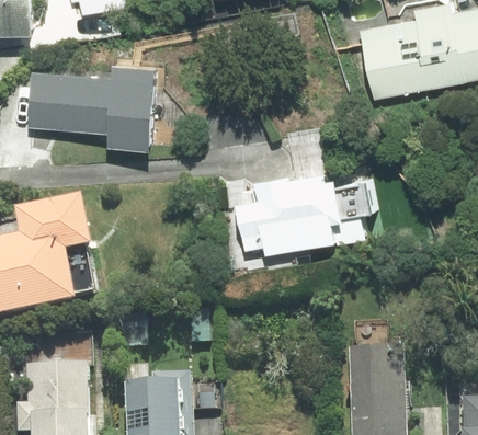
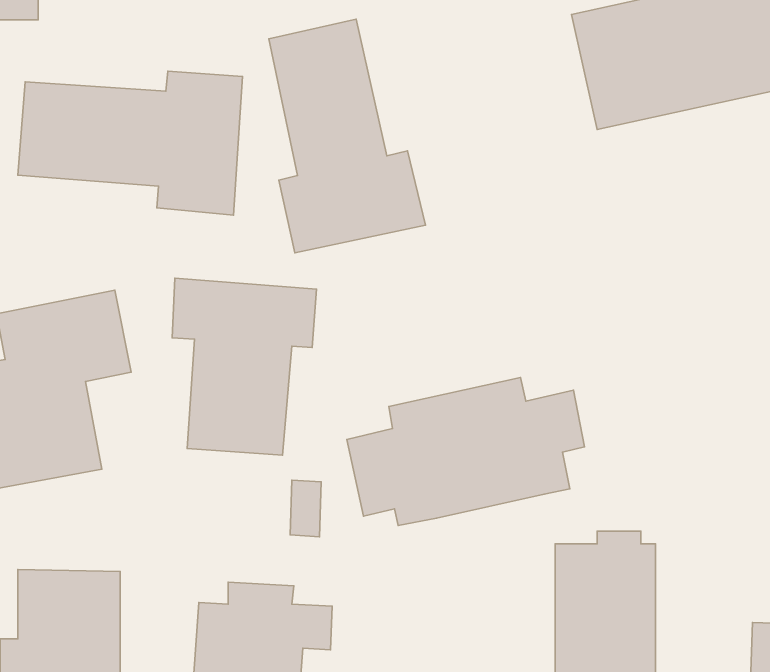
building: none -> [269,19,425,253]
building: [232,167,375,255] -> [347,377,584,525]
building: none -> [172,278,317,455]

